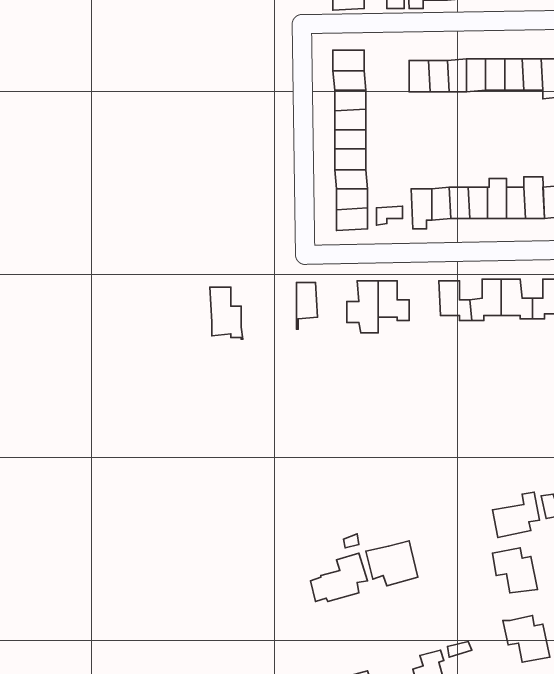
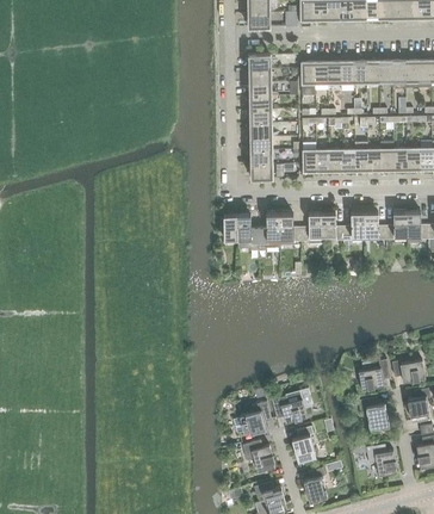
building: none -> [300,212,322,244]
building: [210,287,243,339] -> [236,213,259,249]
building: none -> [291,425,315,459]
building: none -> [242,439,275,471]

